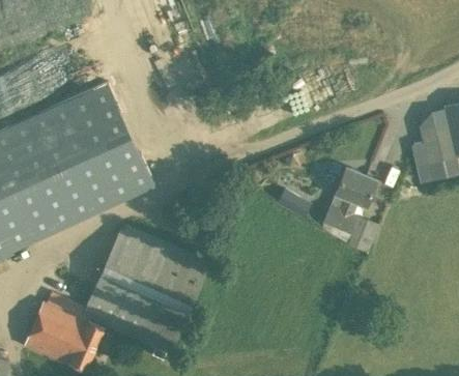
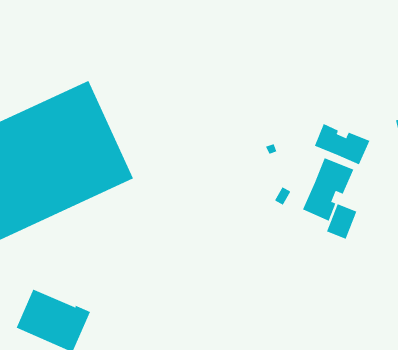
building: none -> [314,123,370,165]
building: [81,222,210,353] -> none

